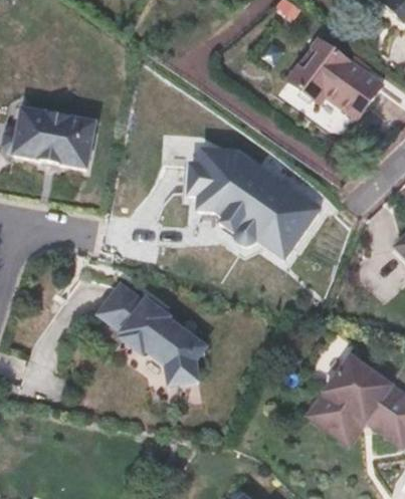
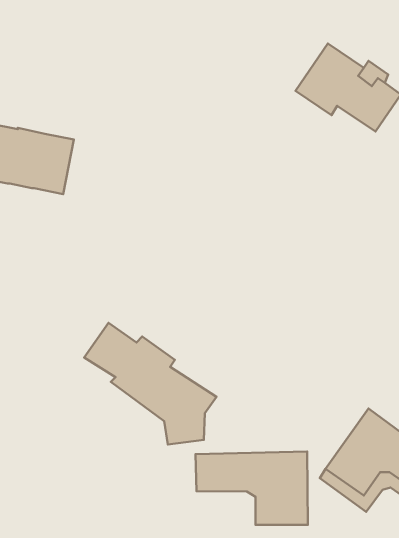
building: [185,149,332,266] -> none
building: none -> [195,451,308,525]

